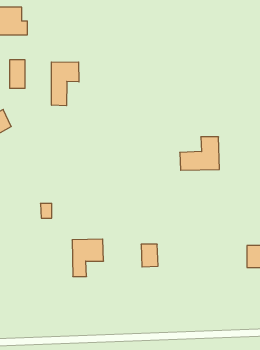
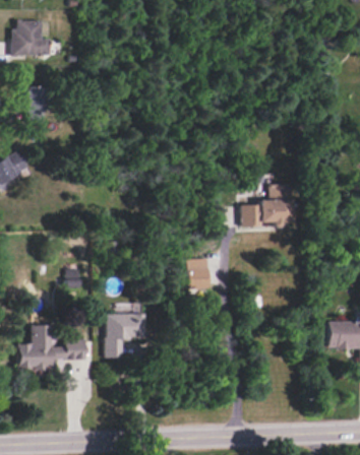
building: [52,62,79,106] -> none
building: [141,244,158,267] -> [186,258,207,286]
building: none -> [20,325,86,370]

